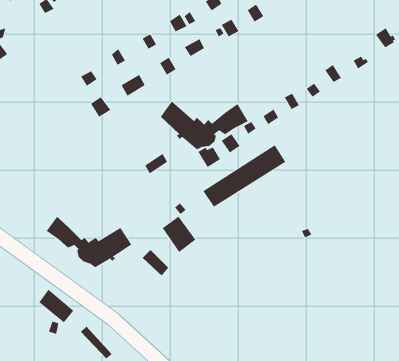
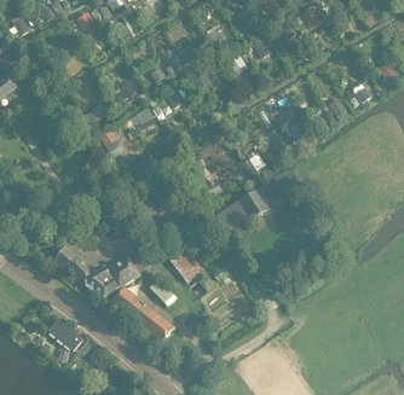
building: [160,101,248,150] -> none
building: none -> [109,286,174,341]

